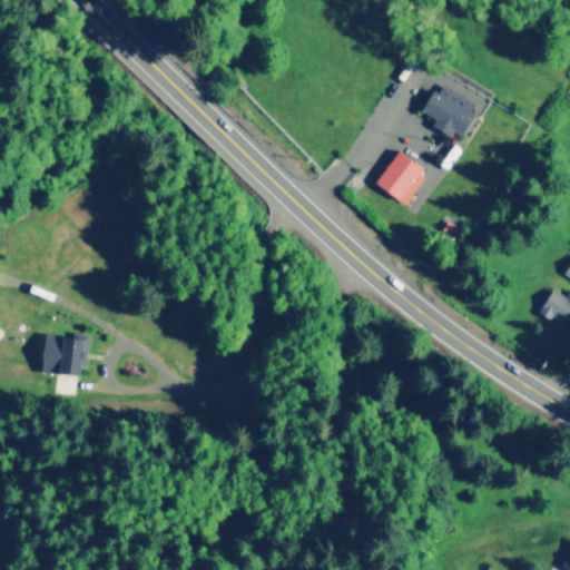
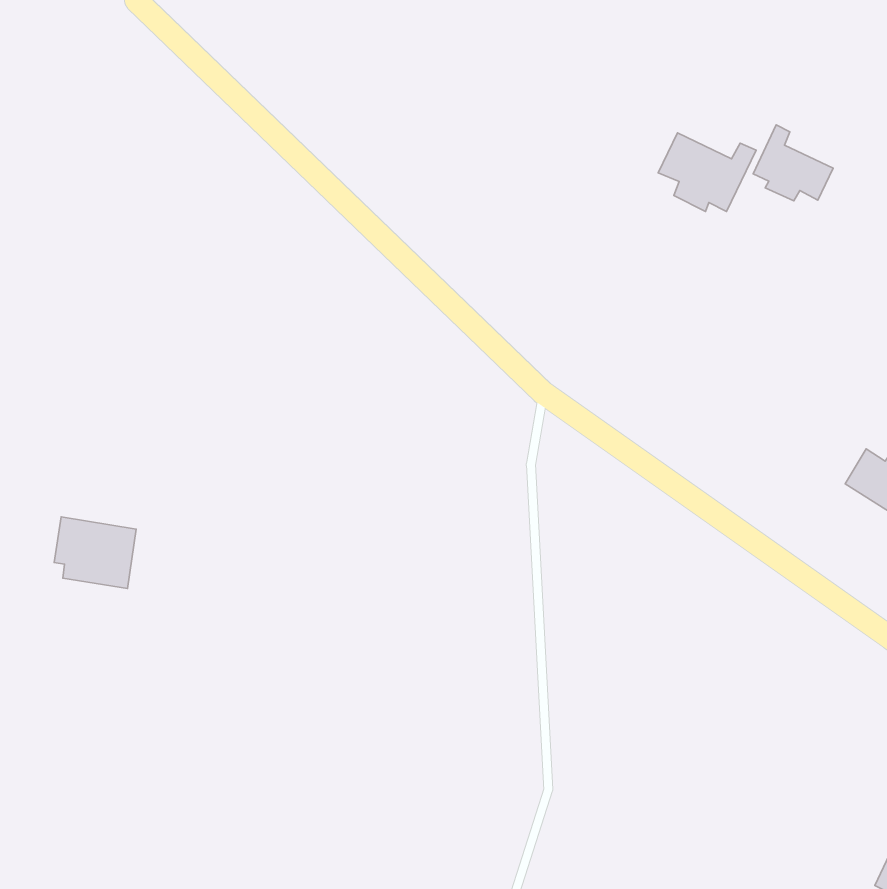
building: none -> [753,125,833,201]
building: [376,150,425,200] -> none

